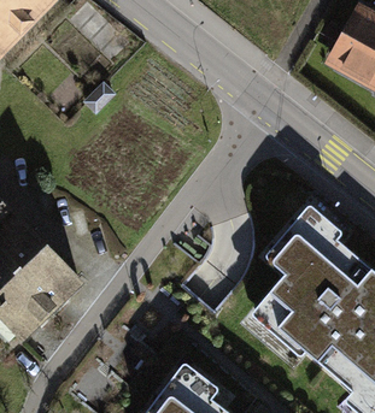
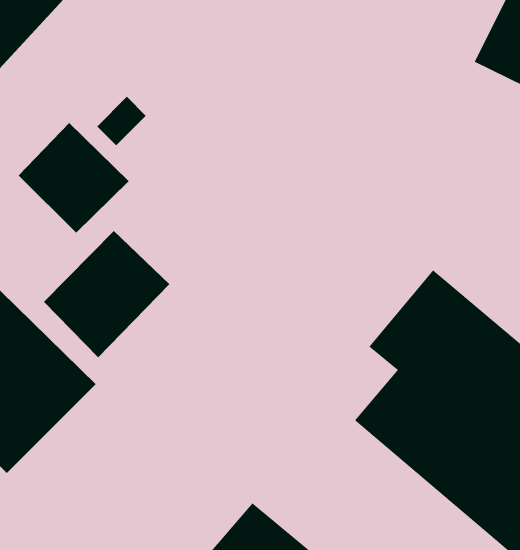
building: none -> [18,122,129,234]
building: none -> [43,230,170,358]

